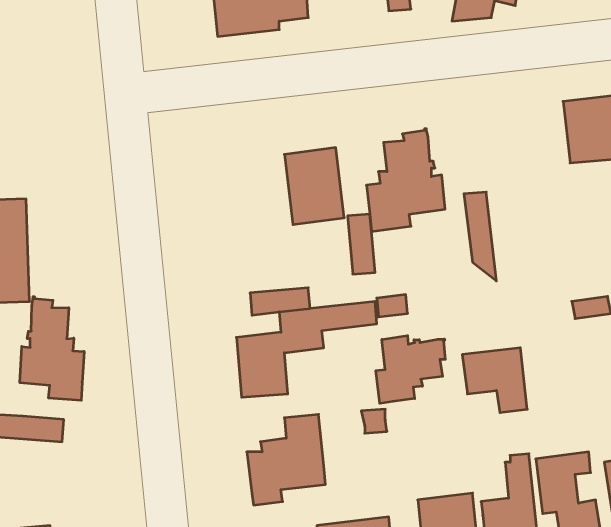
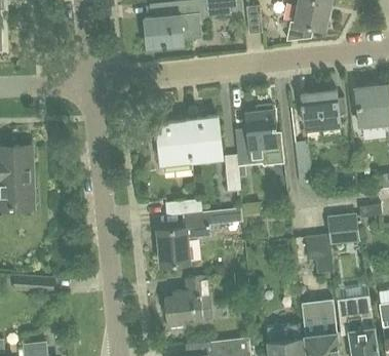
building: none -> [301,90,340,129]
building: none -> [156,120,192,171]
building: [20,297,84,400] -> none
building: none -> [327,219,357,243]
building: [376,336,445,403] -> none

